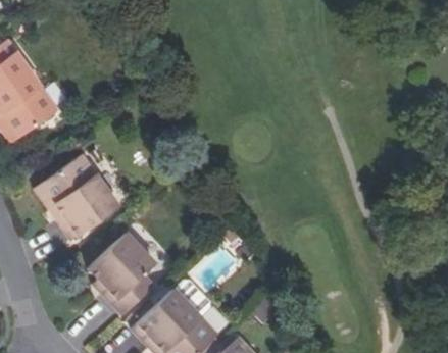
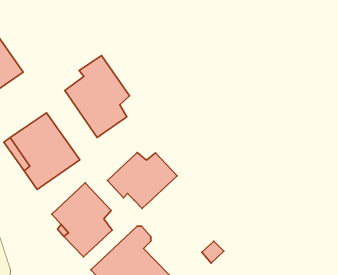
building: none -> [65,56,129,137]
building: none -> [107,153,177,208]

